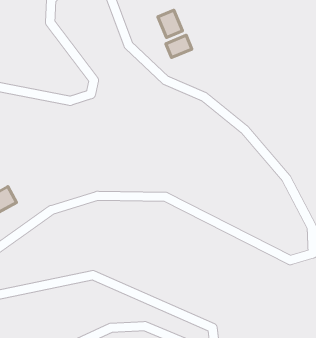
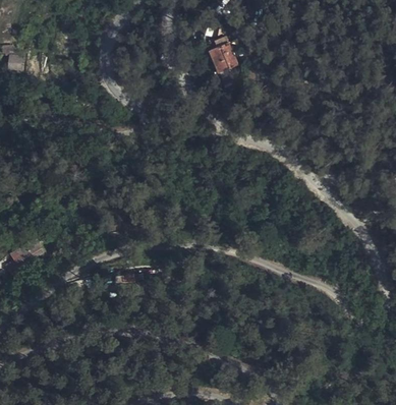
building: [166,35,192,57] -> none

